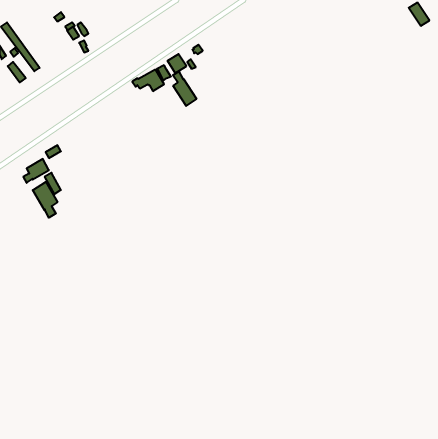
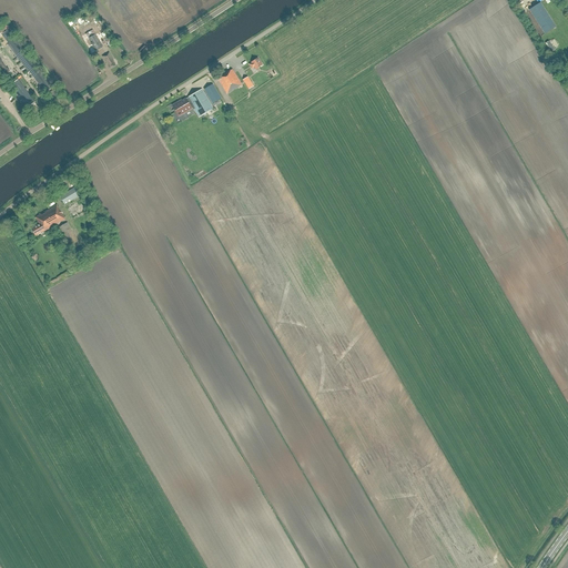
building: [173,71,196,106] -> none
building: [33,182,57,218] -> none

